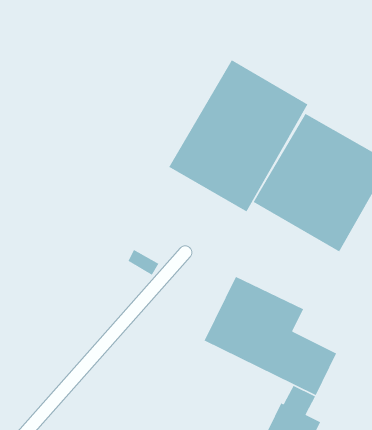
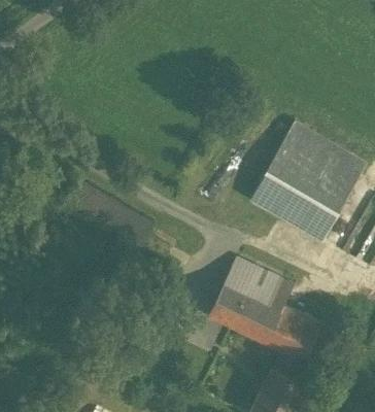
building: [168,59,308,213] -> none

